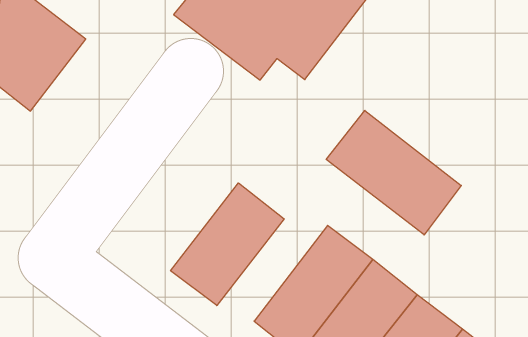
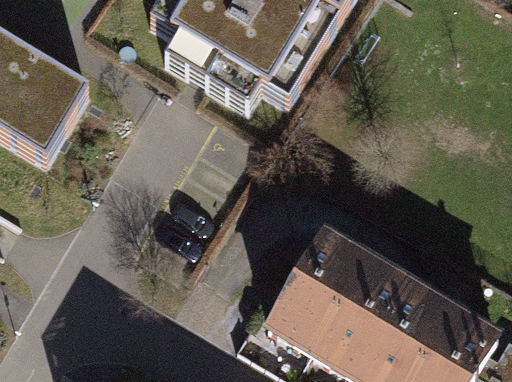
building: [326,110,461,235] -> none
building: [171,183,284,306] -> none

